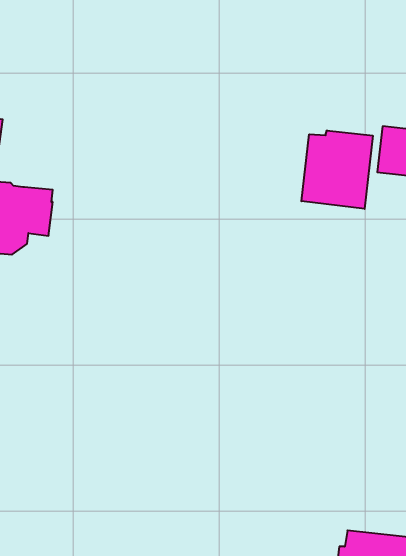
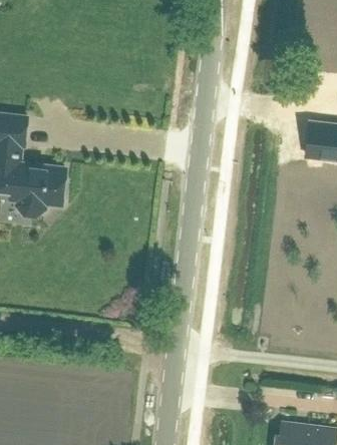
building: [301,130,373,209] -> none

